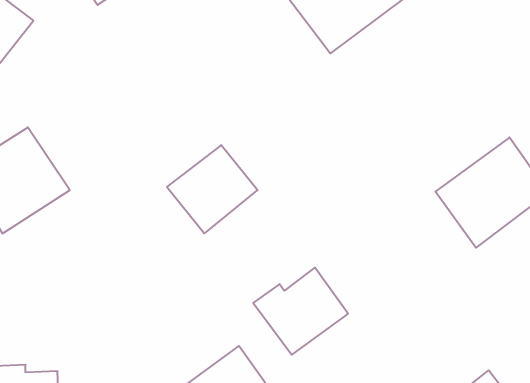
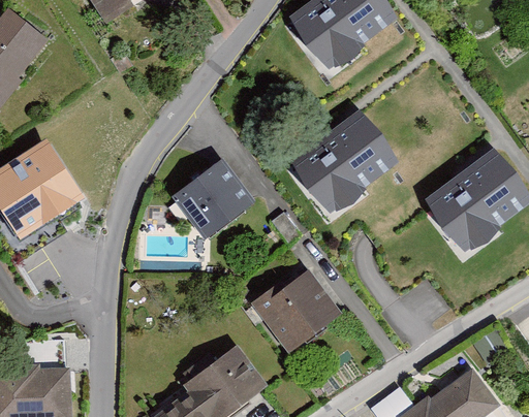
building: none -> [289,110,396,213]

